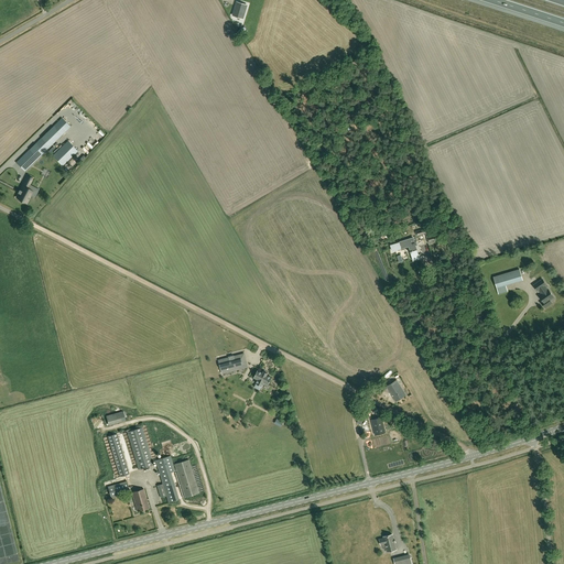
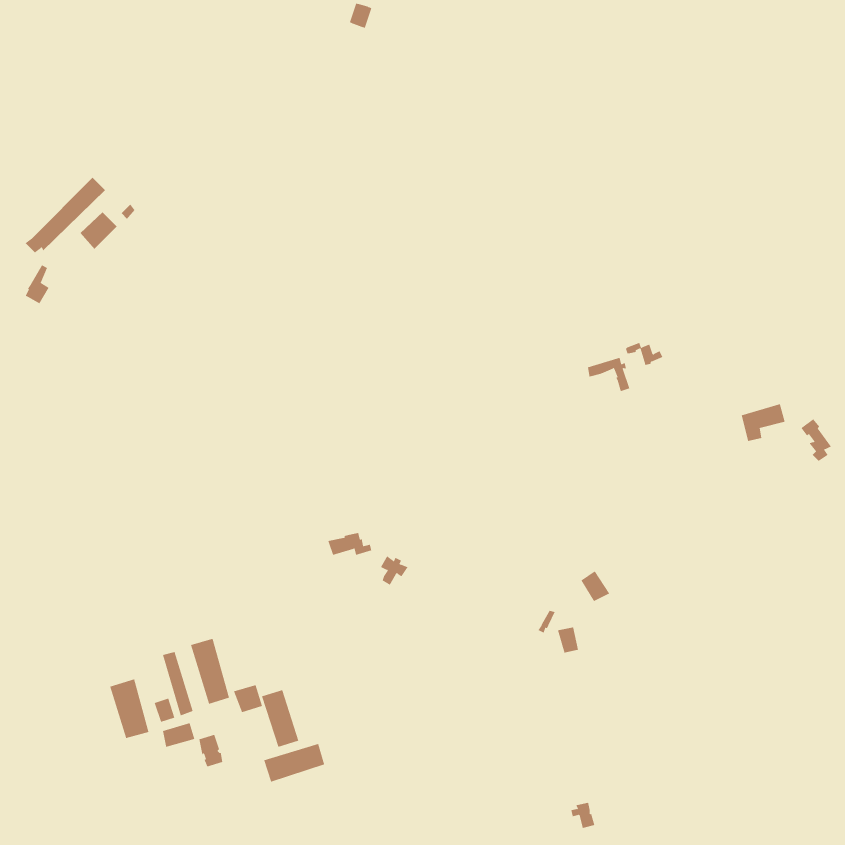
building: none -> [110,679,149,739]
building: none -> [264,743,325,783]

